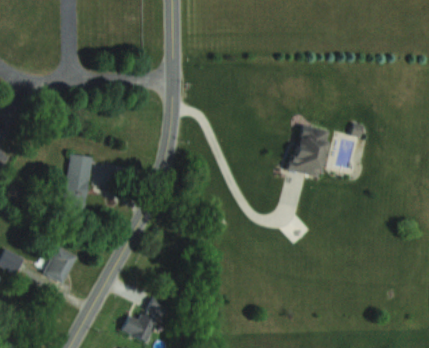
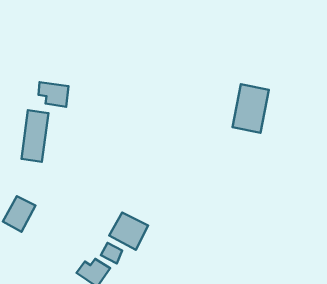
building: none -> [39,82,69,107]
building: none -> [109,212,148,250]

